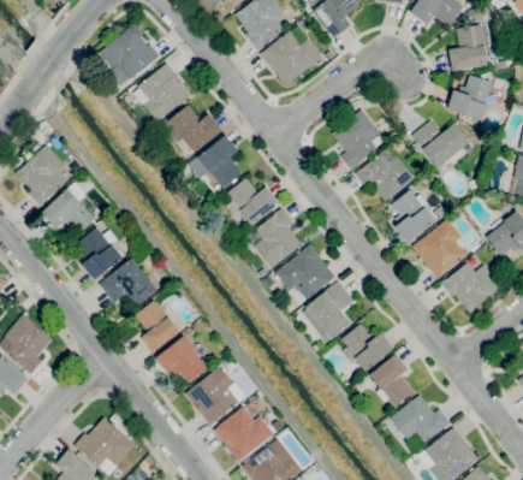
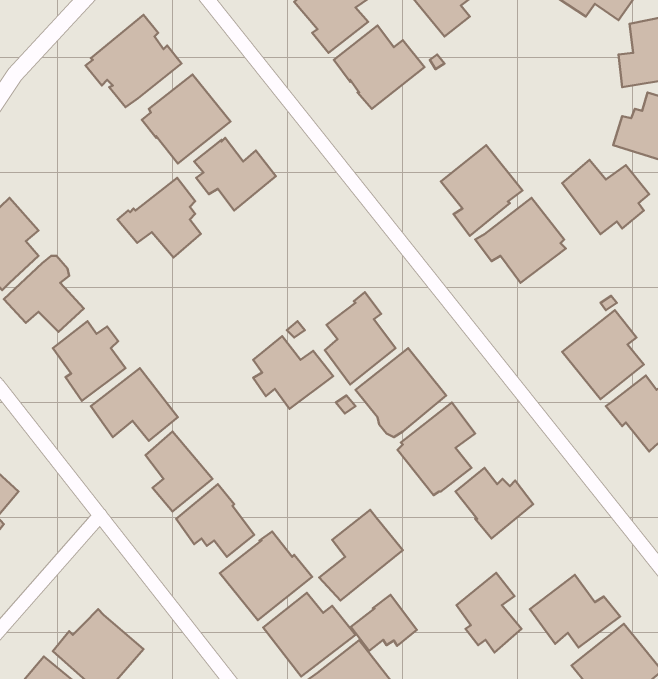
building: [186,135,242,188] -> [117,178,201,257]
building: [227,177,280,225] -> [253,336,333,409]
building: [391,190,436,242] -> none
building: none -> [319,510,403,601]
building: [370,354,414,407] -> [456,573,522,652]
building: none -> [351,595,417,651]

